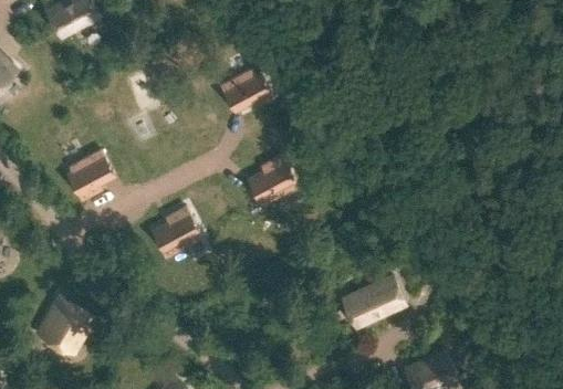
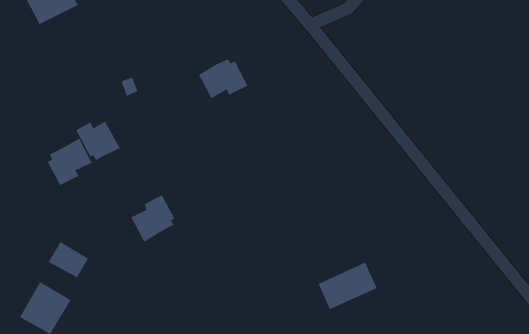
building: none -> [76,120,121,161]
building: [247,156,292,204] -> none
building: none -> [48,241,89,278]

